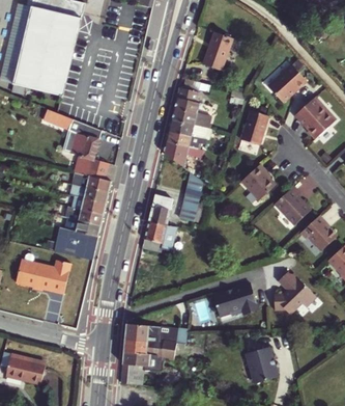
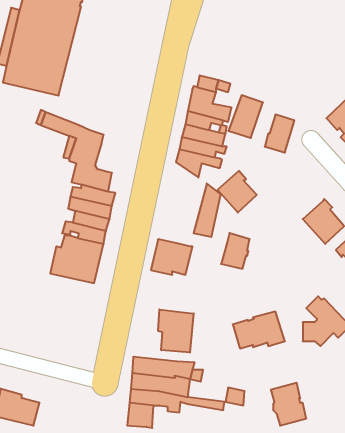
building: [202,32,232,70] -> [228,95,263,138]
building: [268,63,307,103] -> none
building: [241,164,276,200] -> [218,171,257,213]
building: [148,194,173,225] -> [221,233,250,269]
building: [19,261,74,294] -> none
building: none -> [158,309,194,353]

